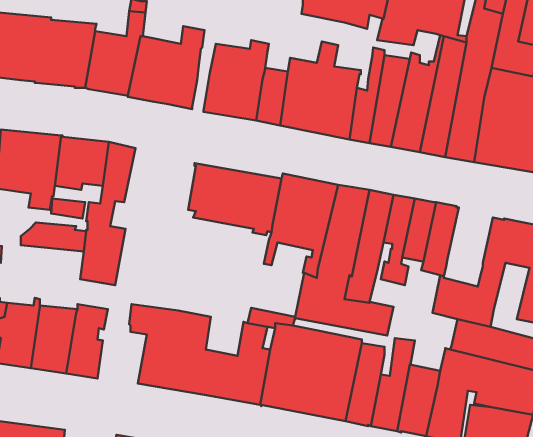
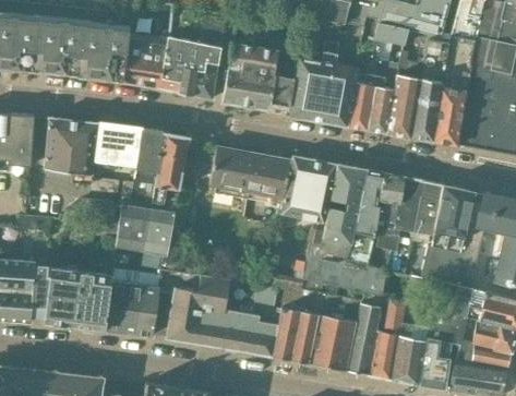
building: none -> [143,134,191,257]
building: none -> [432,185,476,254]
building: none -> [132,274,160,337]

